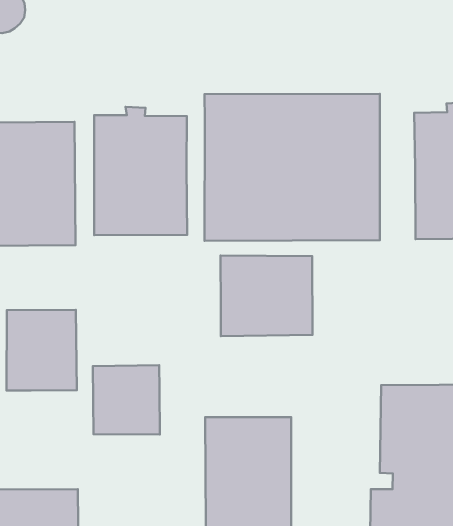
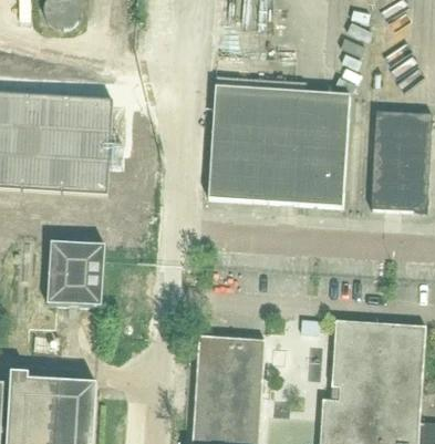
building: [94,107,187,235] -> none
building: [221,256,312,336] -> none
building: [93,365,160,434] -> none

